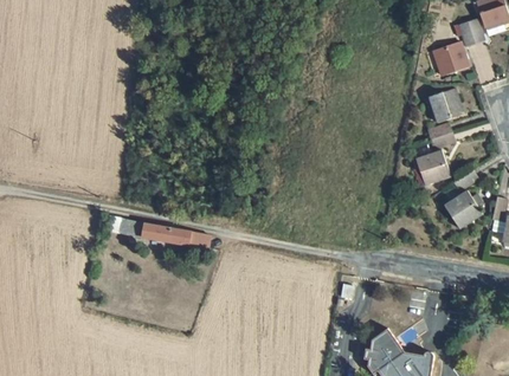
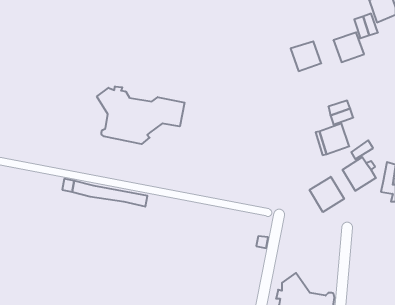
building: [427,87,464,123] -> [291,41,321,71]
building: none -> [97,86,185,144]
building: none -> [310,177,344,212]

